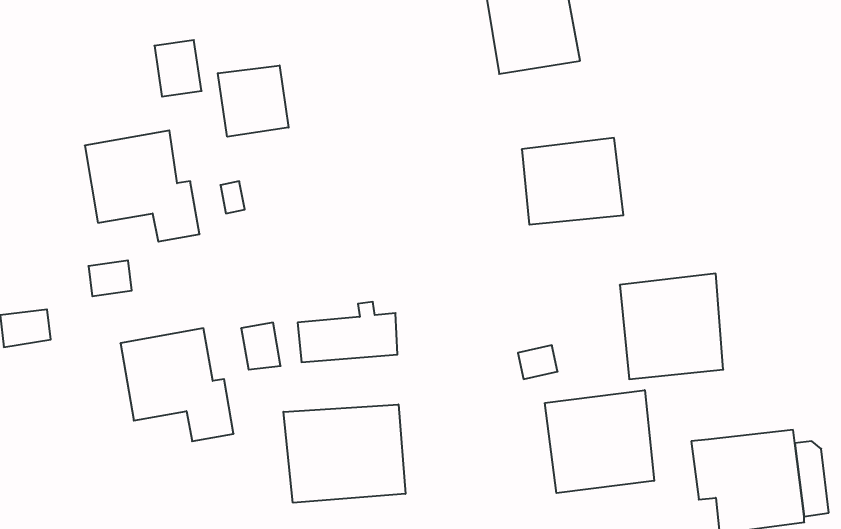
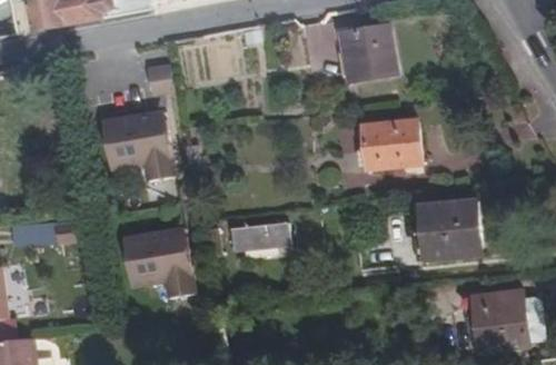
building: [218,65,289,137] -> none
building: [545,390,654,493] -> none
building: [283,404,405,503] -> none

